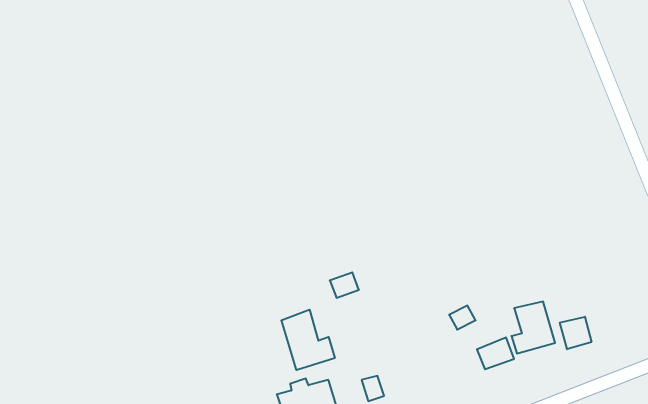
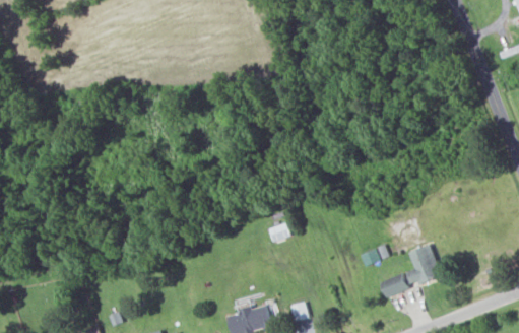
building: [281,310,335,370] -> none
building: [560,317,591,349] -> none

